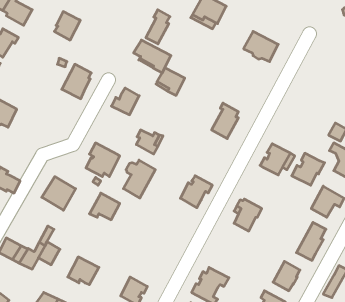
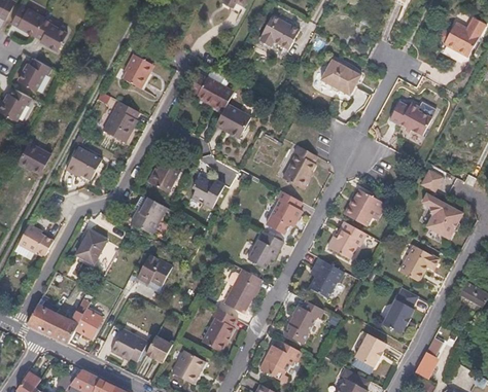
building: [146,10,170,44] -> none
building: [54,12,80,40] -> [123,51,153,85]
building: none -> [389,103,430,136]
building: [111,88,139,115] -> [146,158,179,190]
building: none -> [66,146,102,179]
building: none -> [266,191,300,235]
building: [292,153,325,185] -> [326,221,365,259]
building: [123,160,155,198] -> [222,270,260,315]
building: none -> [282,300,323,346]
building: none -> [201,309,236,354]
building: none -> [145,337,172,364]

